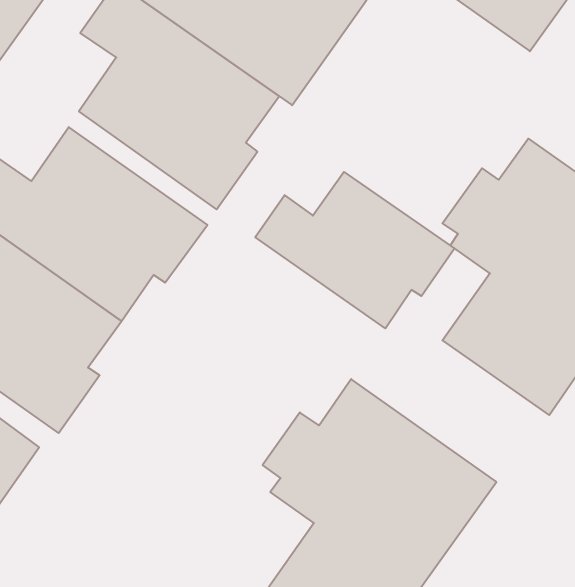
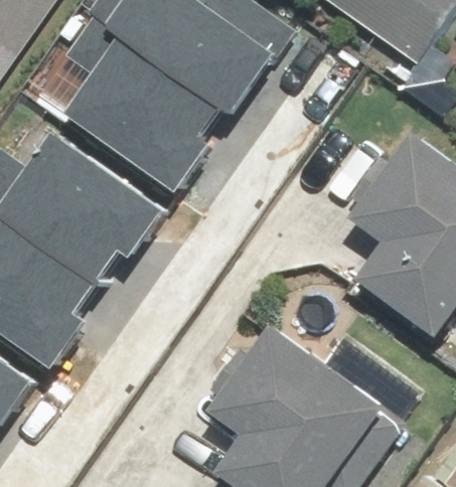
building: [255,172,454,328] -> none

